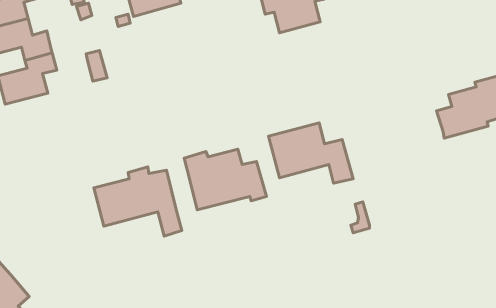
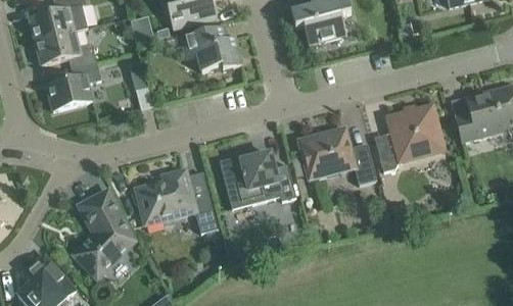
building: none -> [180,24,241,70]
building: none -> [379,105,442,170]
building: none -> [73,189,134,276]

